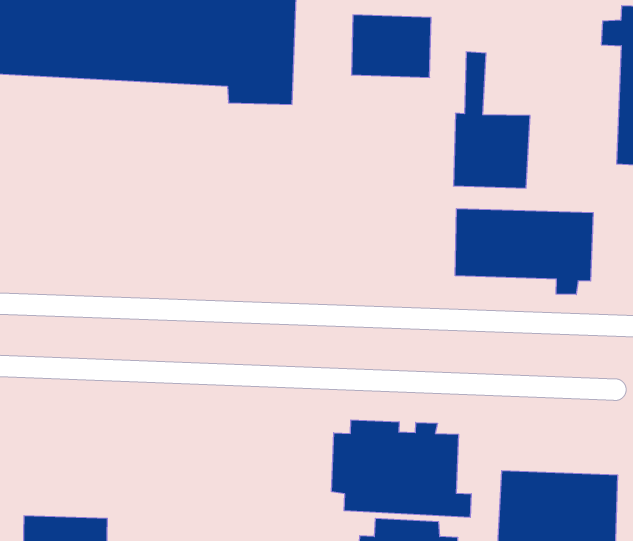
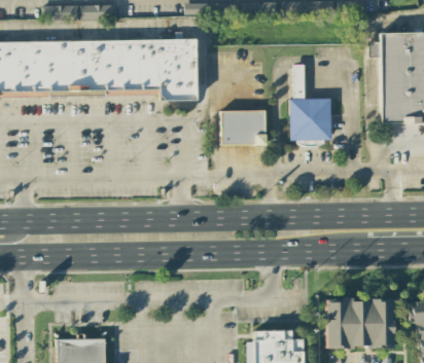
building: [351,15,431,77] -> [221,110,267,145]
building: [455,209,593,295] -> none
building: [332,420,471,517] -> none

